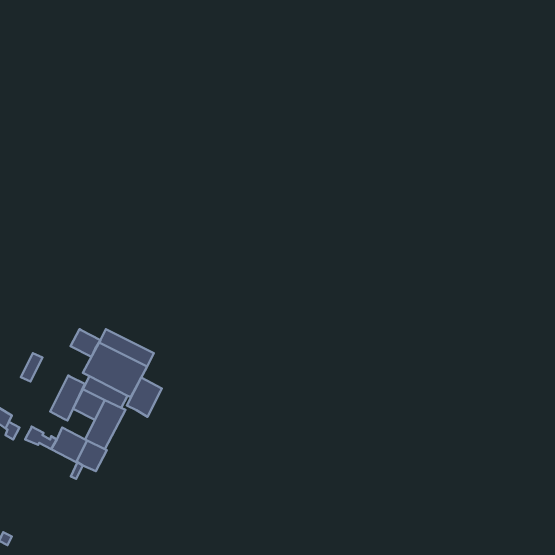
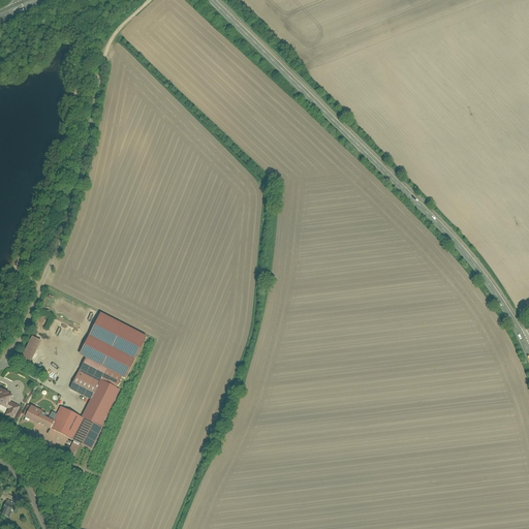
building: [70,329,100,357] -> none
building: [50,375,85,421] -> none
building: [127,378,162,417] -> none

